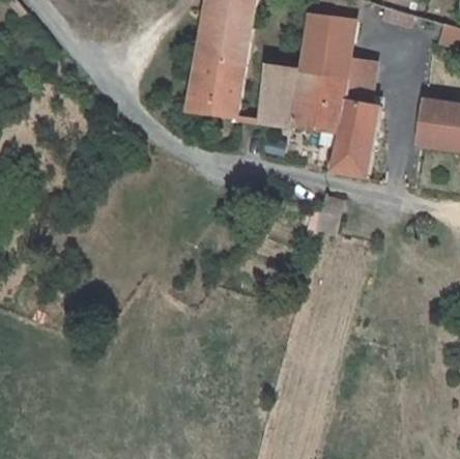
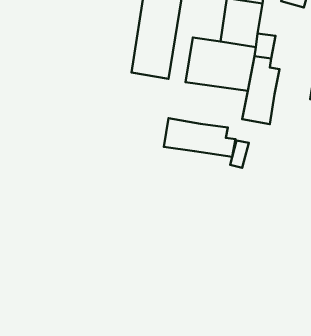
building: none -> [164,118,236,157]

